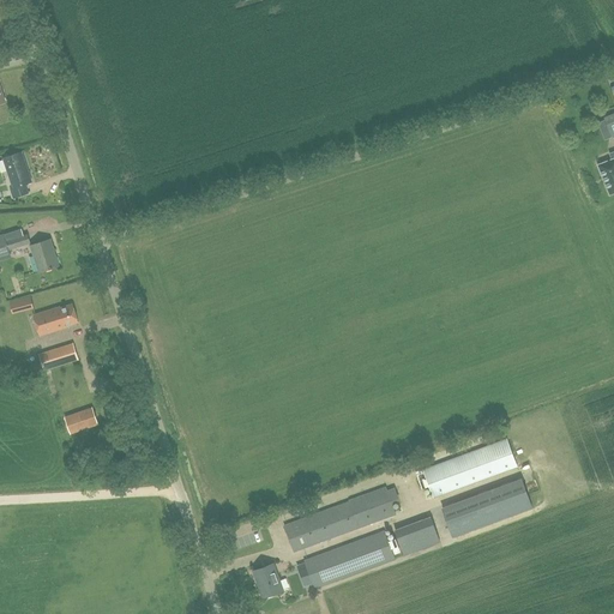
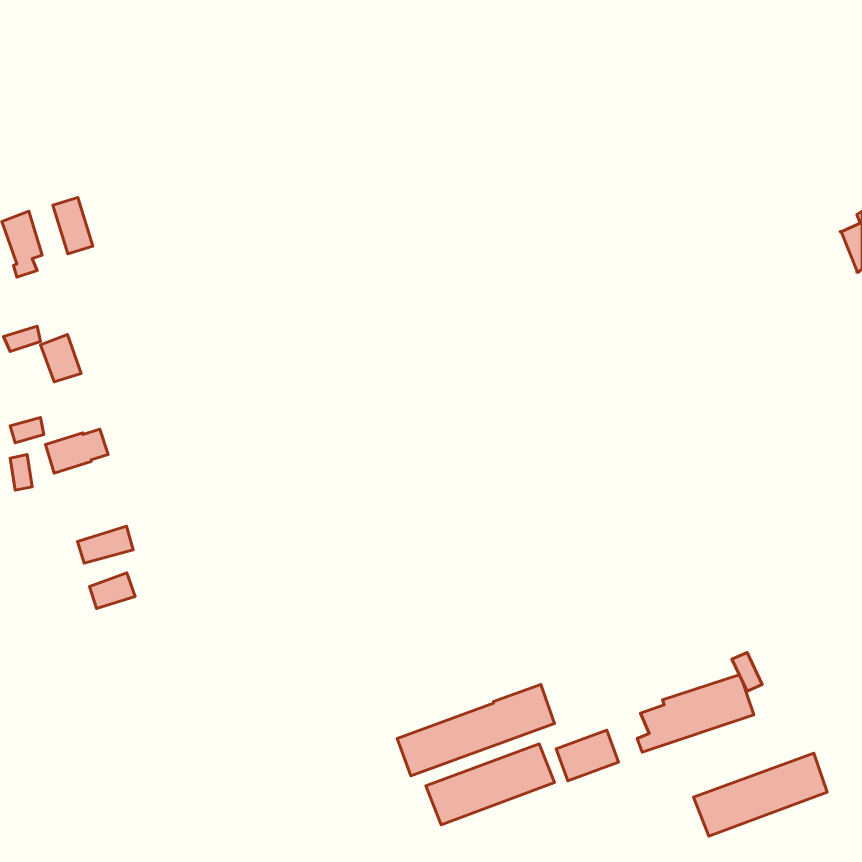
building: none -> [53,197,93,254]
building: [37,342,77,368] -> [78,526,133,563]
building: [421,437,516,495] -> [694,753,827,836]
building: [252,562,281,596] -> none

